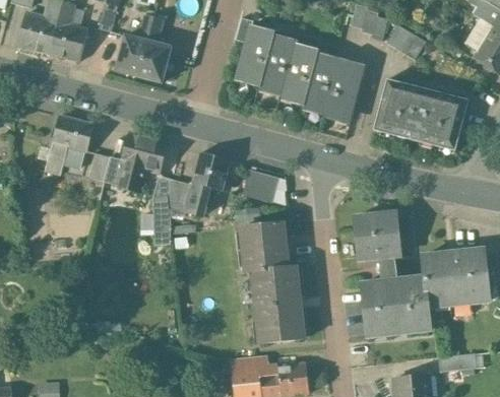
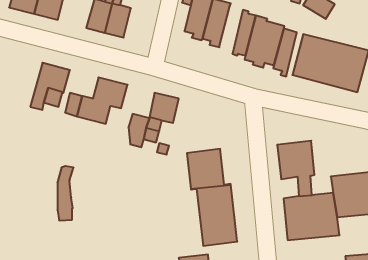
building: [282,44,311,104] -> [273,28,297,76]
building: [237,167,287,201] -> none
building: [152,177,173,245] -> [57,166,74,220]

